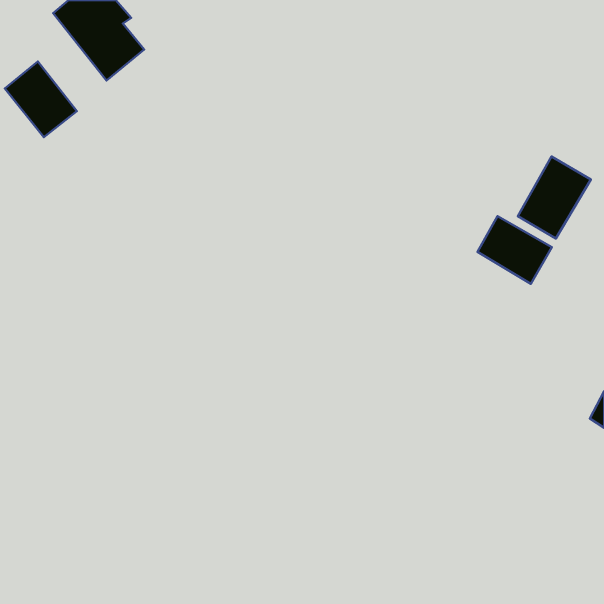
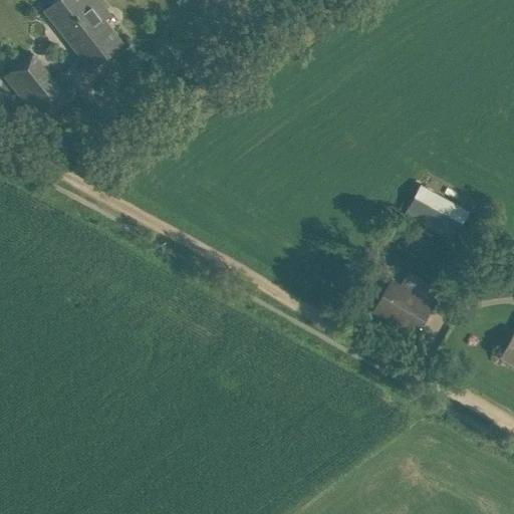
building: [518,157,591,239] -> none
building: none -> [371,278,435,336]

